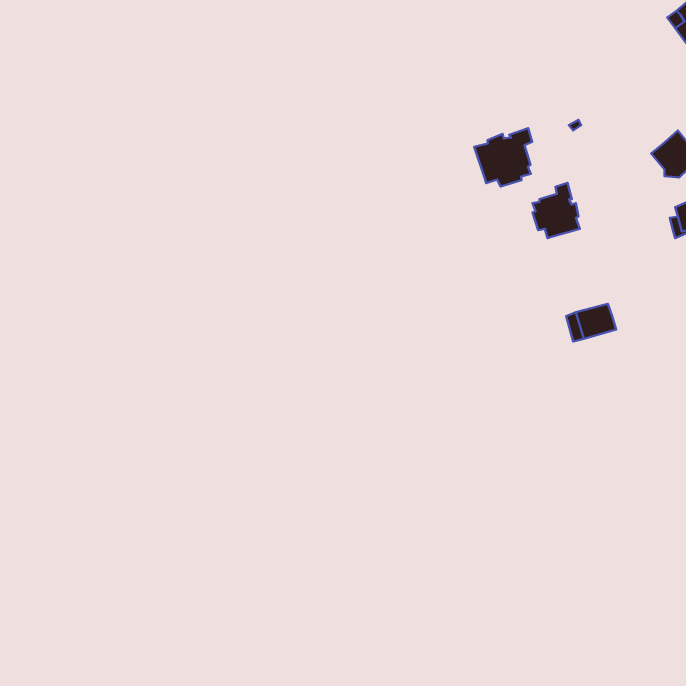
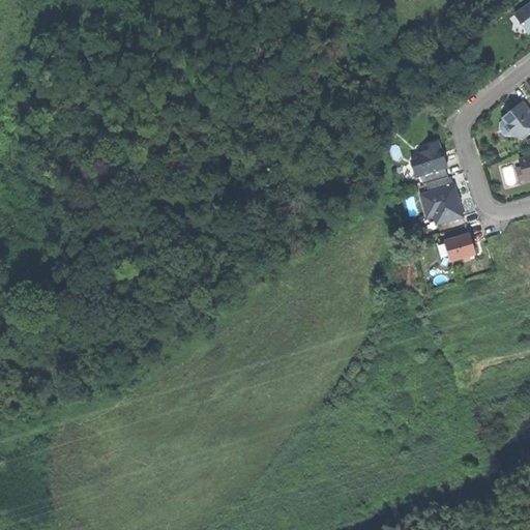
building: [474,128,532,186] -> none
building: none -> [420,175,463,224]

